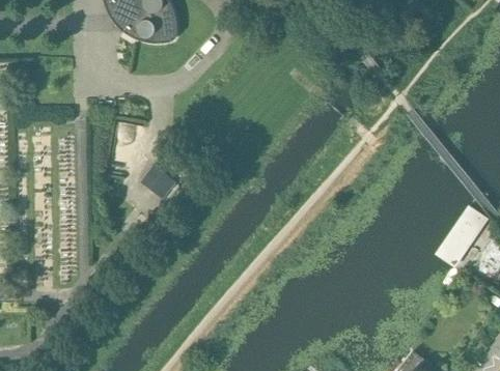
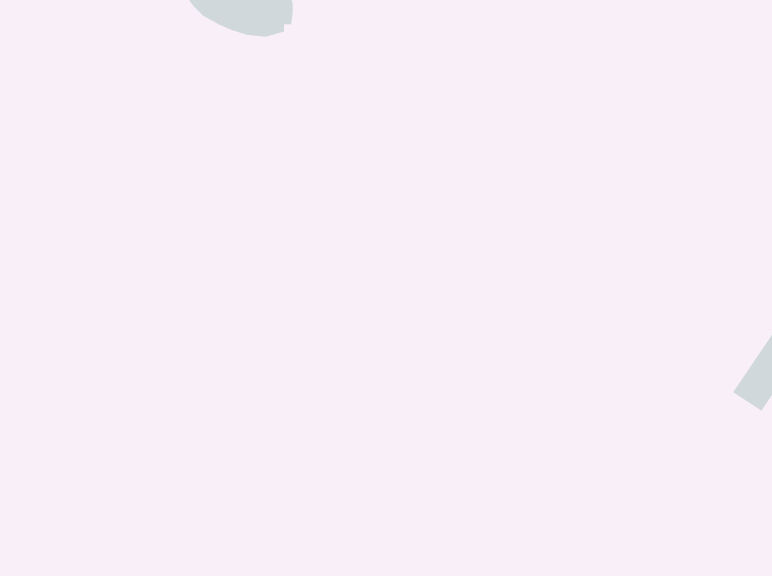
building: [140,165,175,199] -> none

